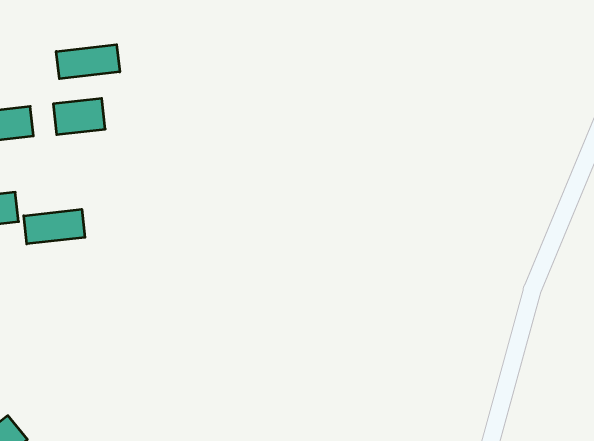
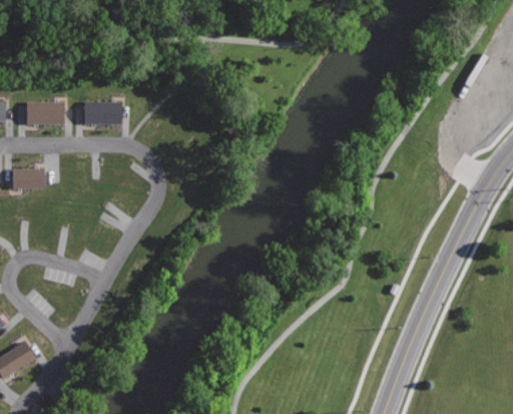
building: [56,45,120,79] -> none
building: [24,209,85,244] -> none

